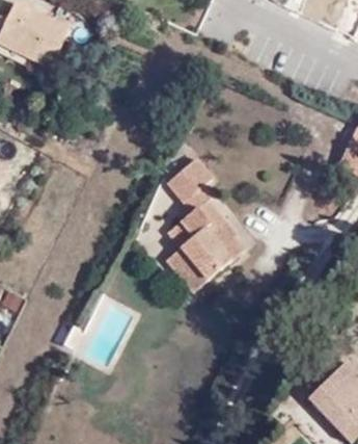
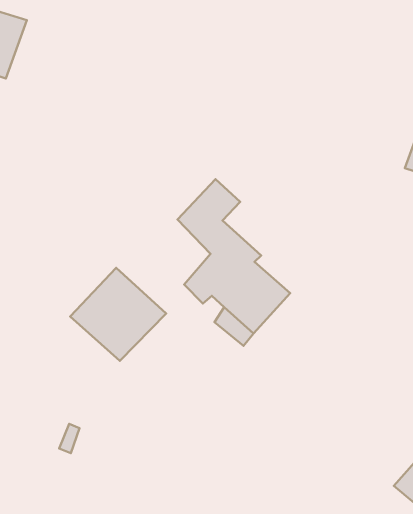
building: none -> [70,268,166,361]

